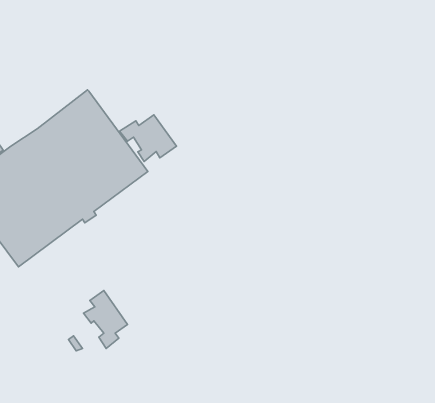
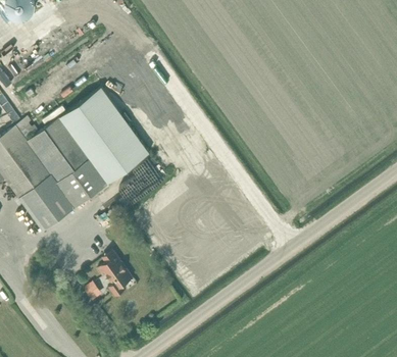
building: [120,115,177,162] -> none

